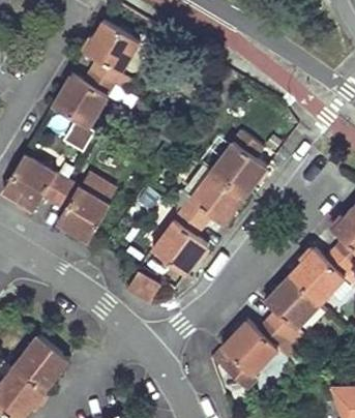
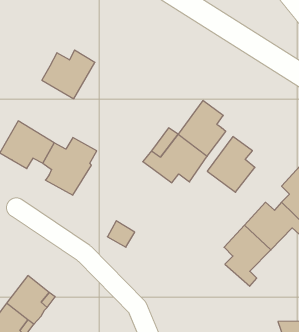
building: [85,21,139,86] -> none
building: [151,210,207,275] -> [207,137,255,192]
building: [220,320,295,391] -> none

